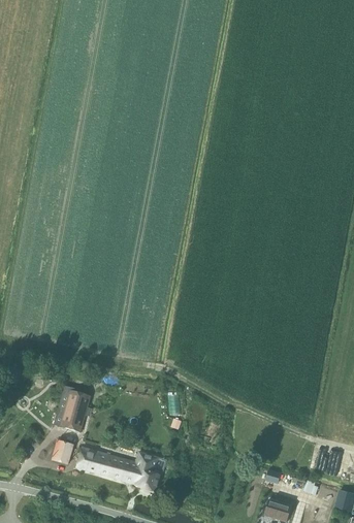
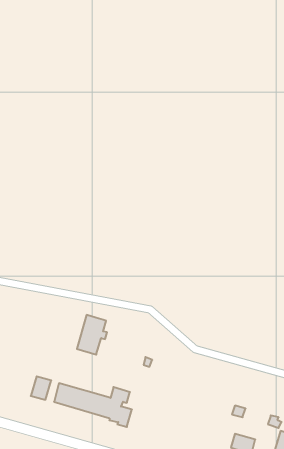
building: [60,389,92,431] -> [77,315,107,355]

